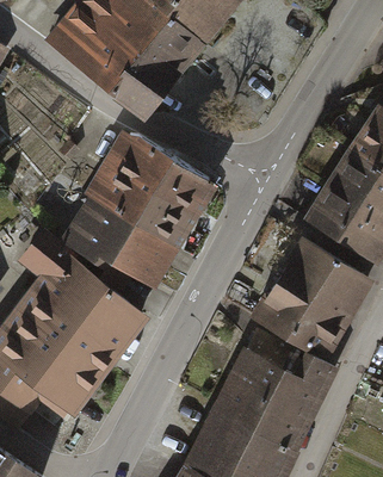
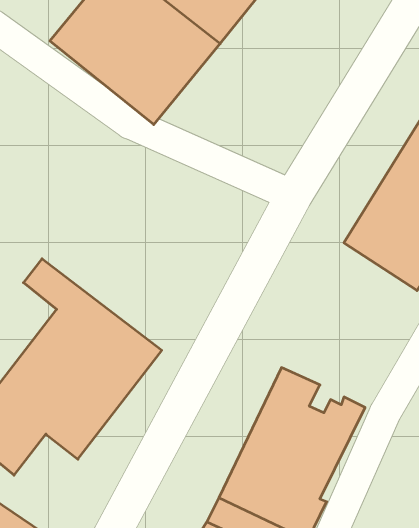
building: [60,134,217,291] -> none
building: [252,238,370,353] -> none

